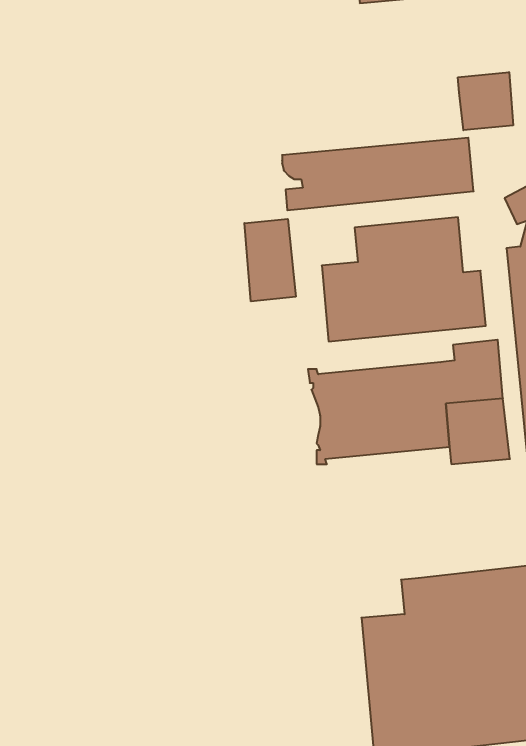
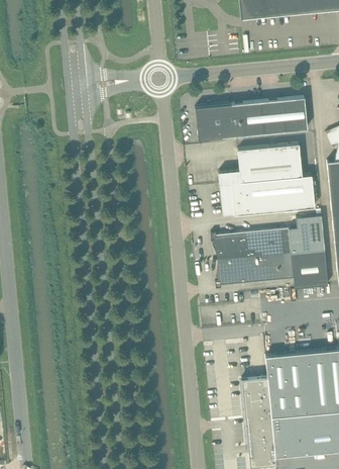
building: [458,72,513,130] -> none
building: [244,219,296,301] -> none

